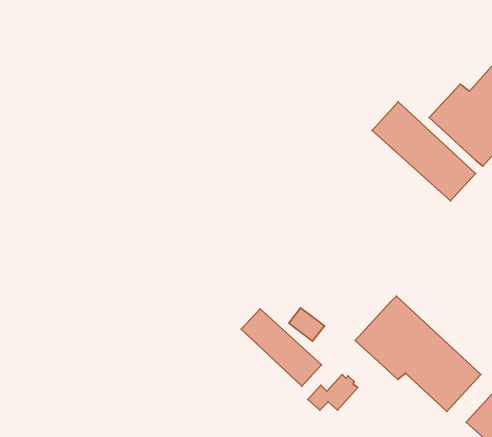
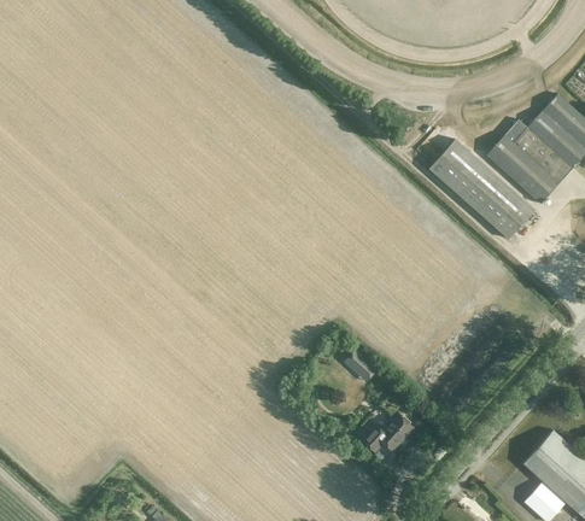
building: [355,296,481,412] -> none
building: [241,309,322,386] -> none

